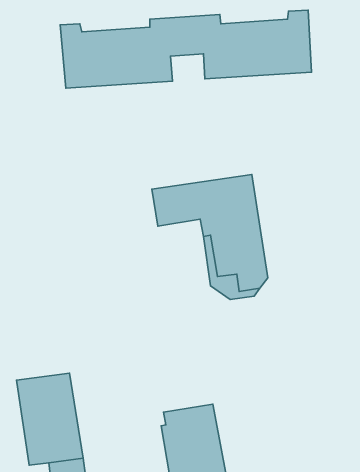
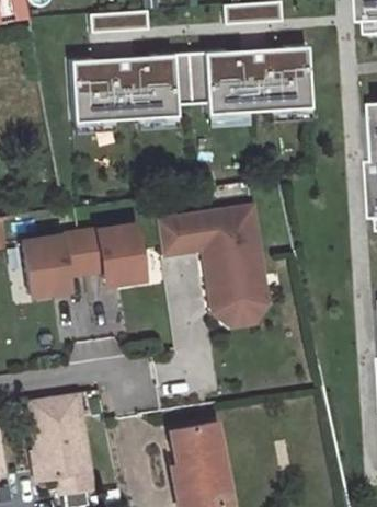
building: none -> [20,222,140,293]

